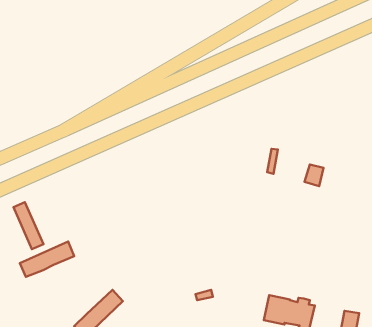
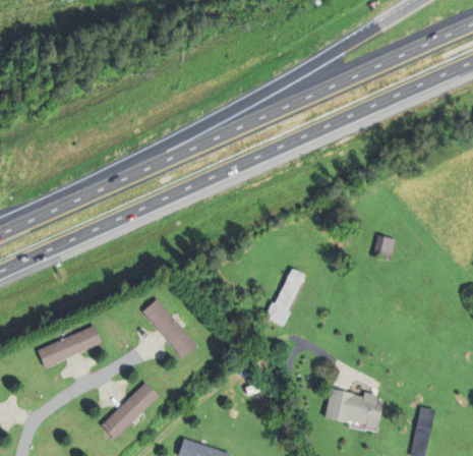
building: none -> [263,268,306,326]
building: [13,202,43,249] -> none
building: none -> [142,298,196,357]

